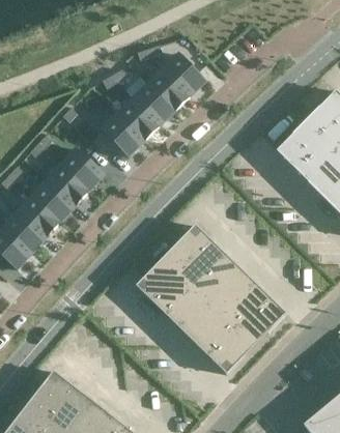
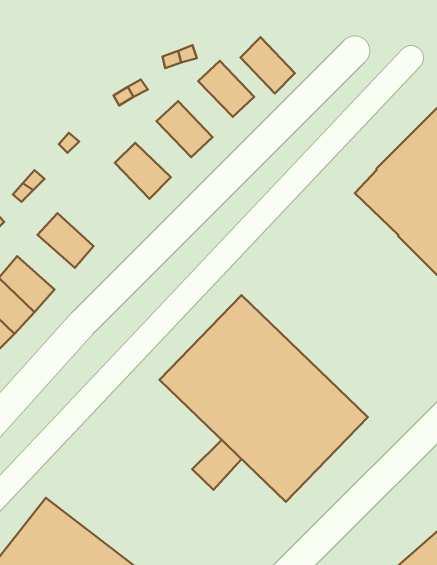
building: [148,69,188,110] -> [240,37,295,93]
building: [117,98,158,139] -> none
building: [61,149,102,189] -> none
building: [32,180,74,220] -> none
building: none -> [192,440,242,490]

